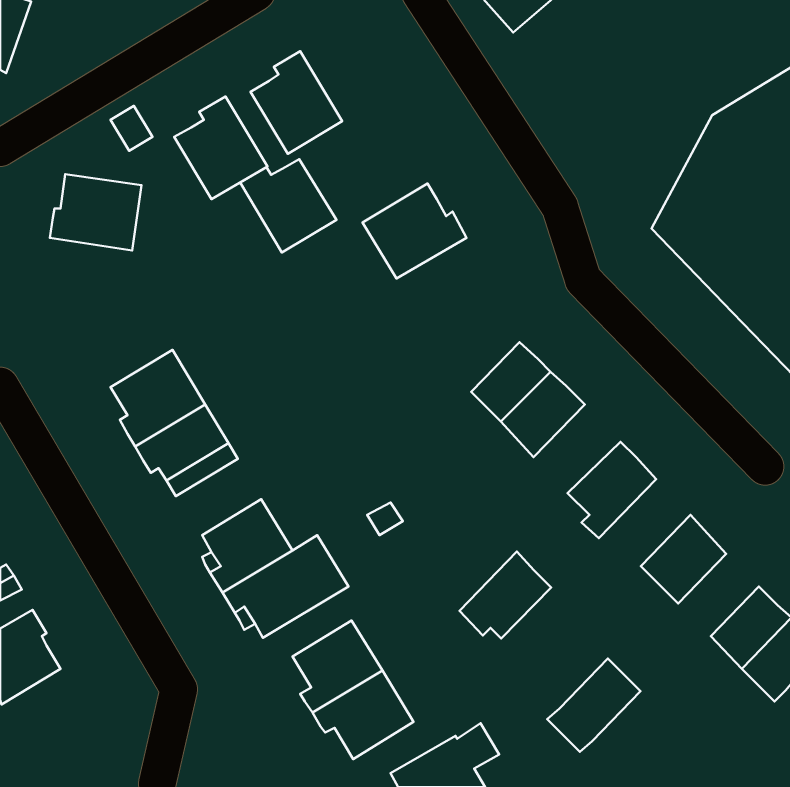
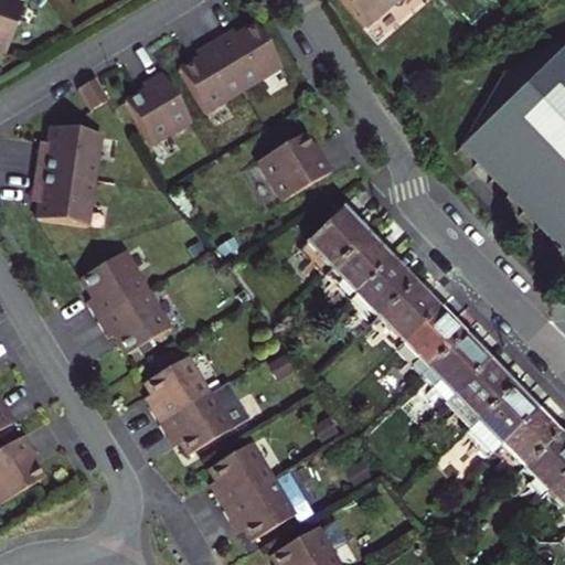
building: [240,159,336,253] -> [216,20,285,86]
building: none -> [36,169,97,223]
building: none -> [305,209,372,278]
building: none -> [382,287,444,350]
building: [459,552,551,639] -> [428,340,493,402]
building: [547,659,640,752] -> [476,393,542,459]

